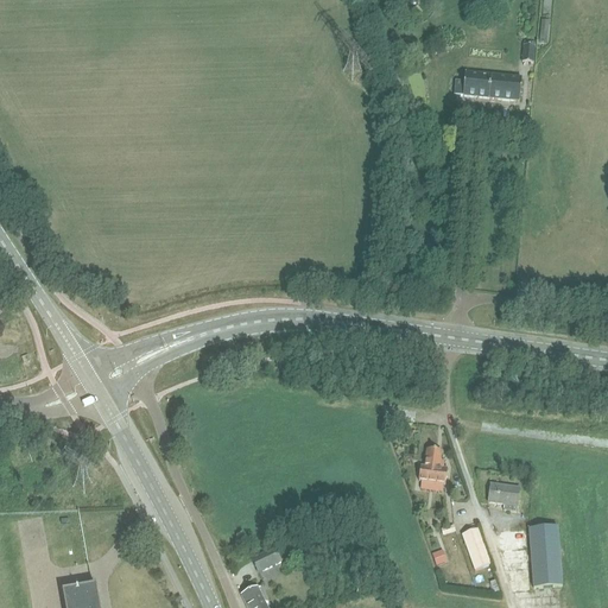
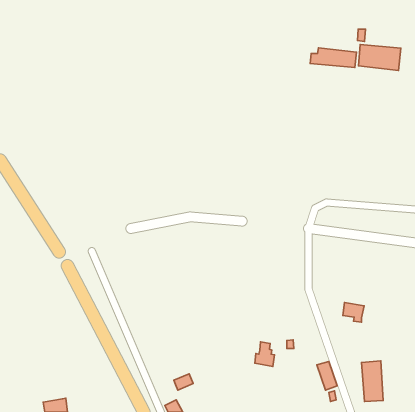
building: none -> [359,44,401,70]
building: [419,446,448,482] -> [255,342,274,366]
building: [490,482,521,511] -> [343,302,364,322]

